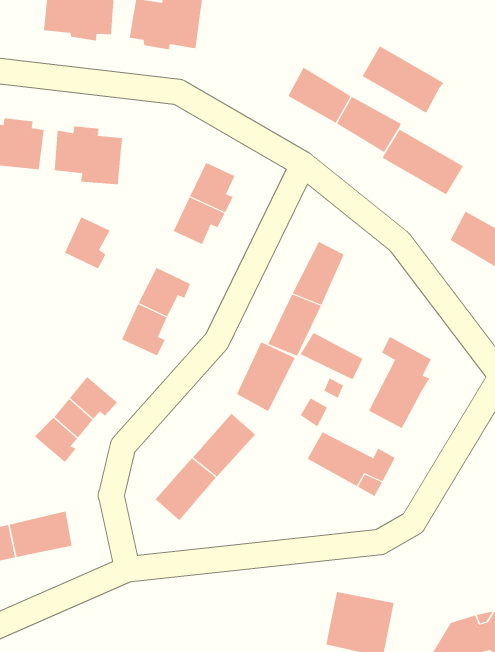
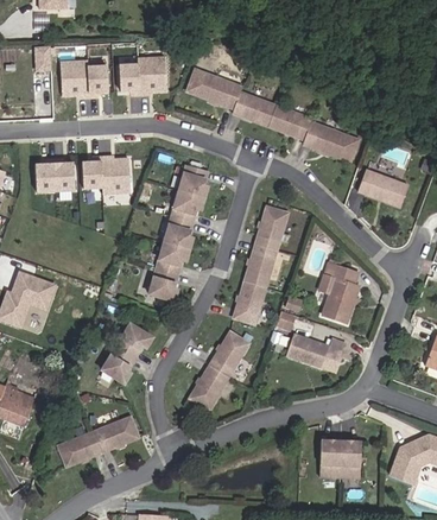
building: [362,45,444,113] -> [186,69,242,109]
building: [64,217,110,269] -> [164,216,192,249]
building: [300,332,363,380] -> none

